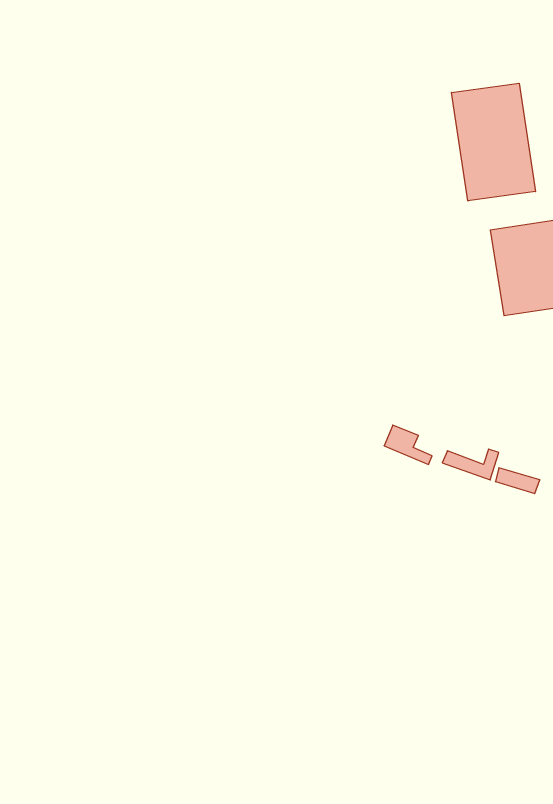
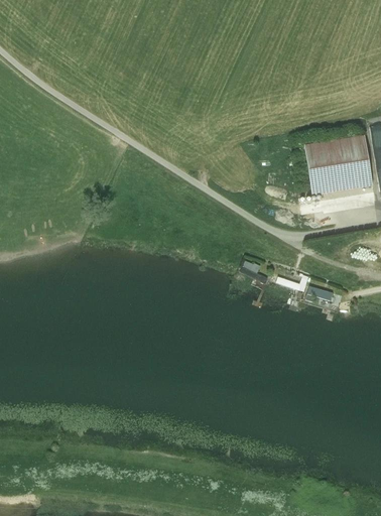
building: [452,83,535,201] -> none

